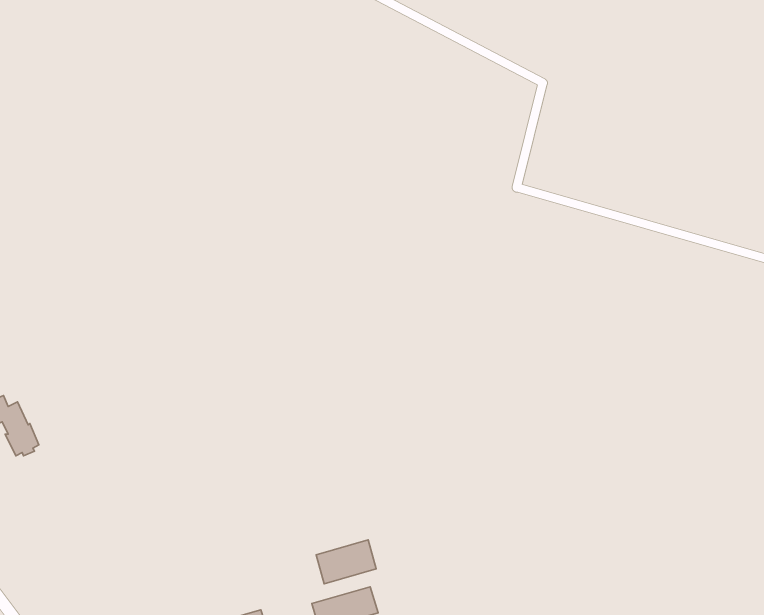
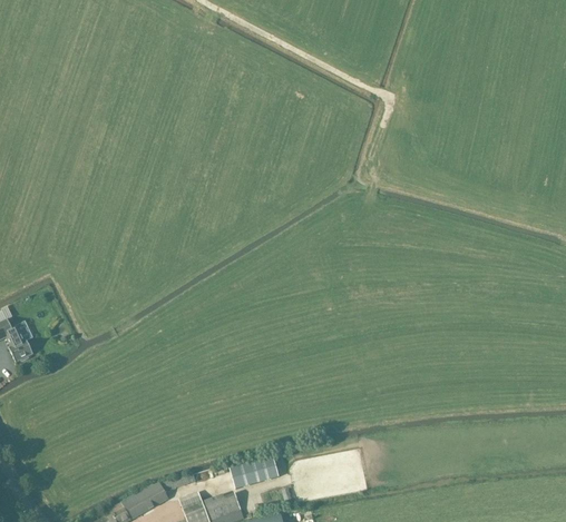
building: [316,540,376,584] -> none

